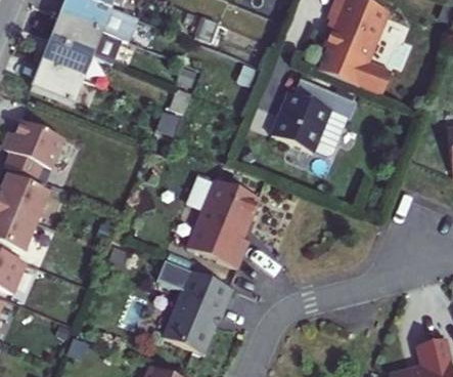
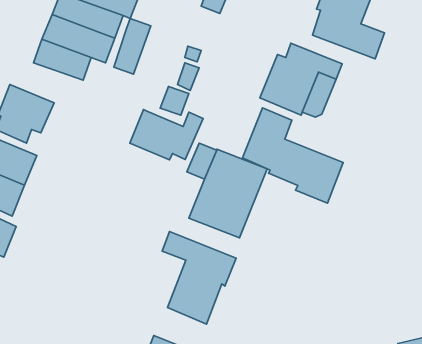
building: none -> [114,19,151,74]
building: none -> [242,108,343,203]
building: none -> [130,110,203,160]

